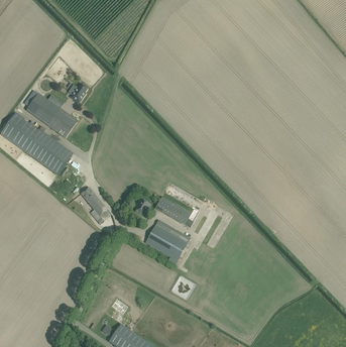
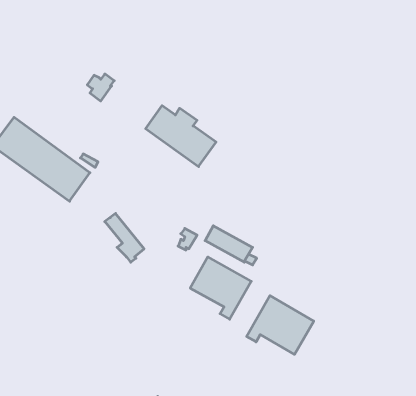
building: [25,92,78,137] -> [146,106,216,167]
building: none -> [247,296,314,354]

